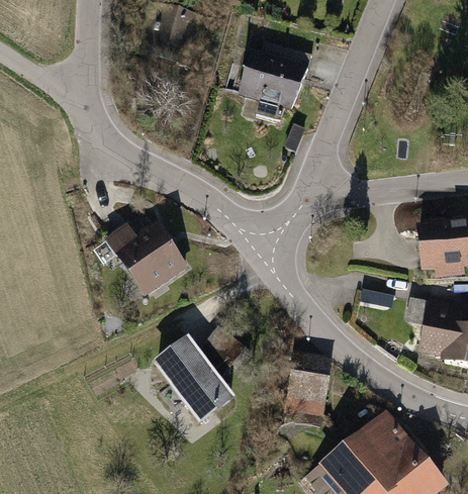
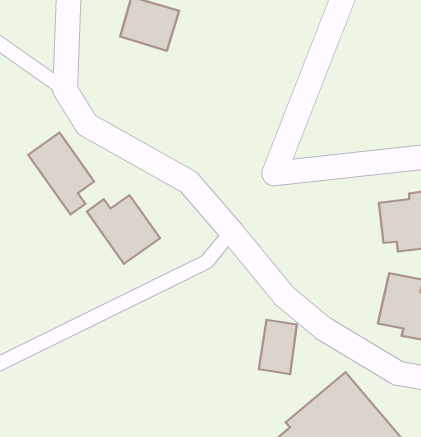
building: [241,38,311,105] -> none
building: none -> [28,133,94,214]
building: [155,339,235,425] -> none

